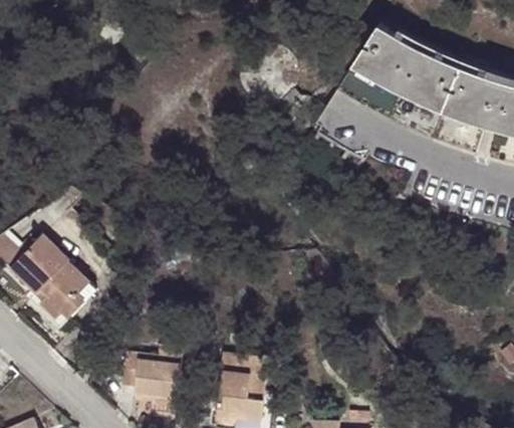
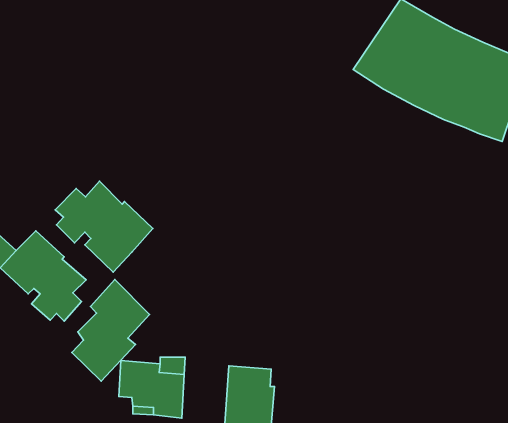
building: none -> [55,181,153,272]
building: none -> [72,279,150,381]

